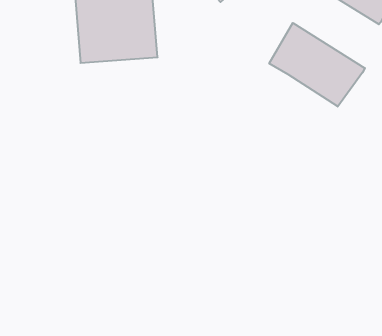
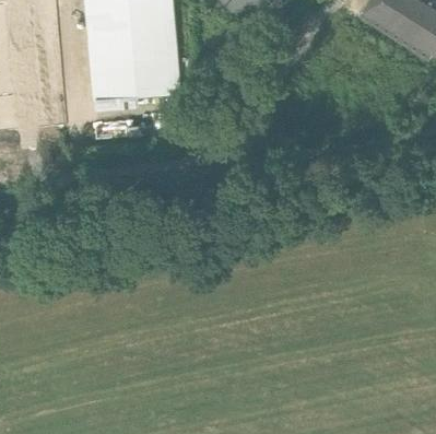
building: [269,23,365,107] -> none

